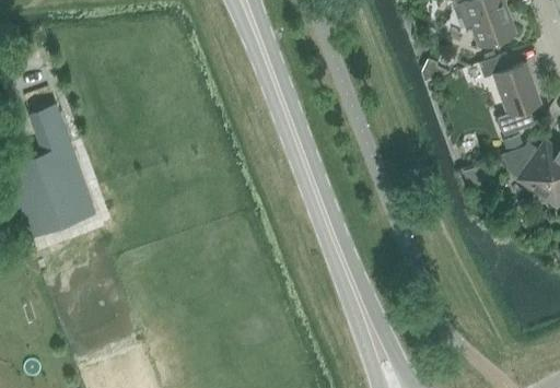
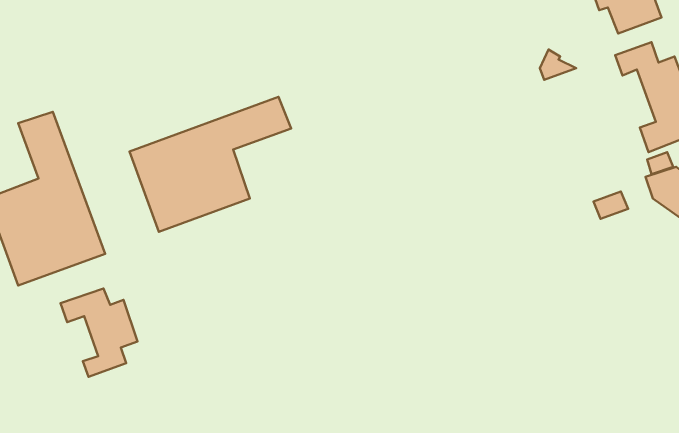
building: none -> [129,97,291,232]
building: none -> [60,289,137,377]

